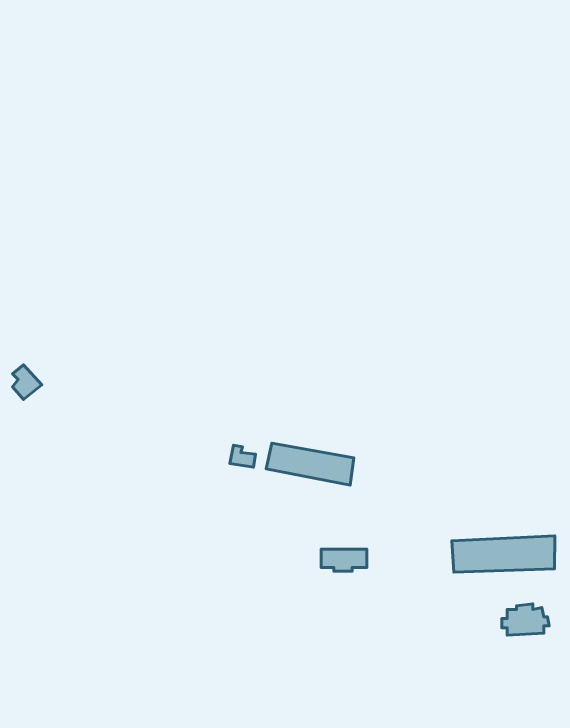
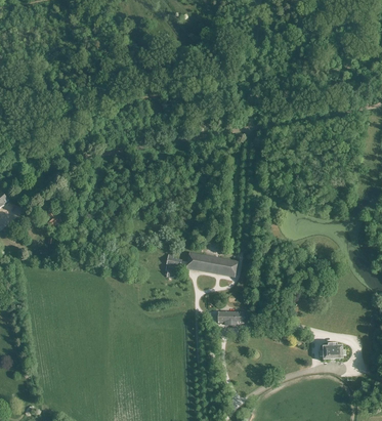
building: [452,536,555,572] -> none

